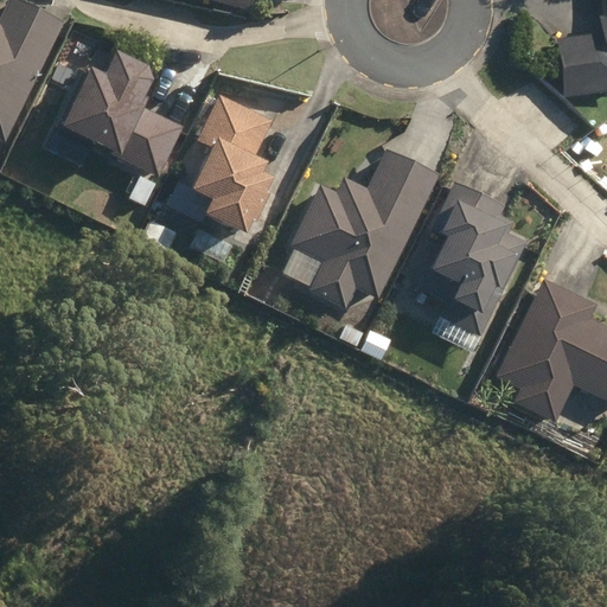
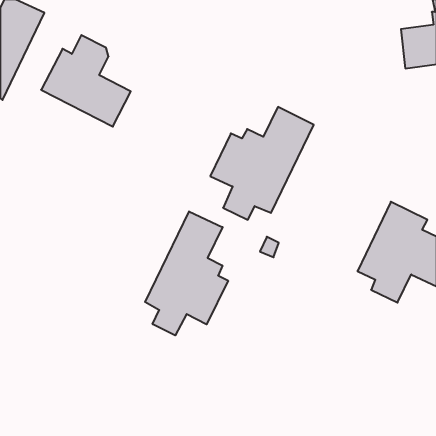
building: [191,95,271,231] -> none
building: [420,183,524,336] -> none
building: none -> [145,211,228,335]

